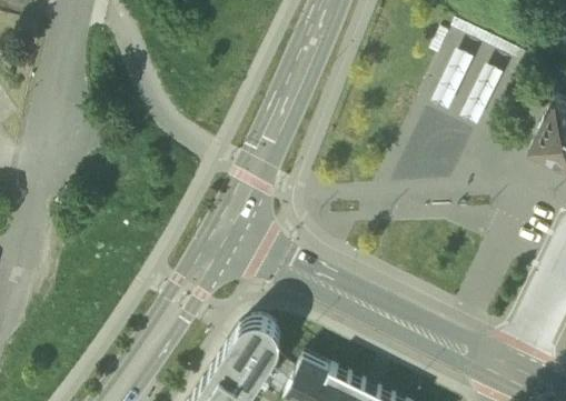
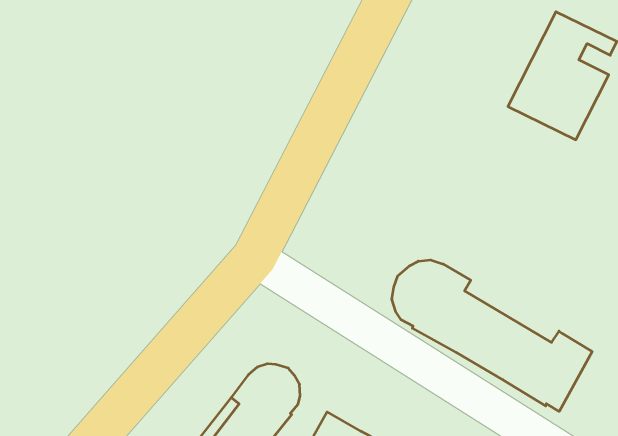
building: none -> [392,260,592,411]

